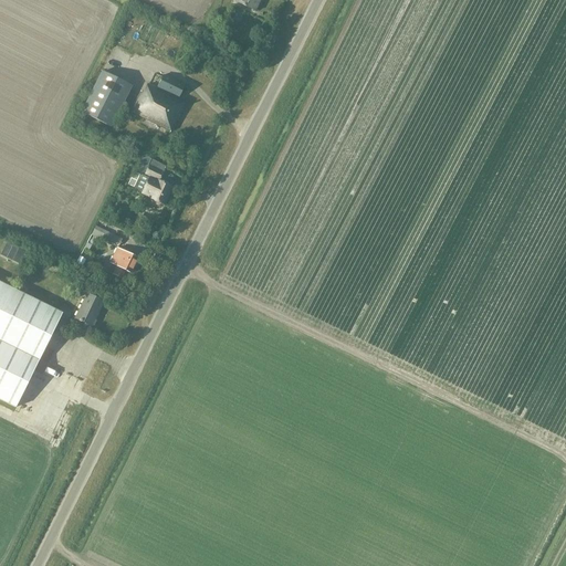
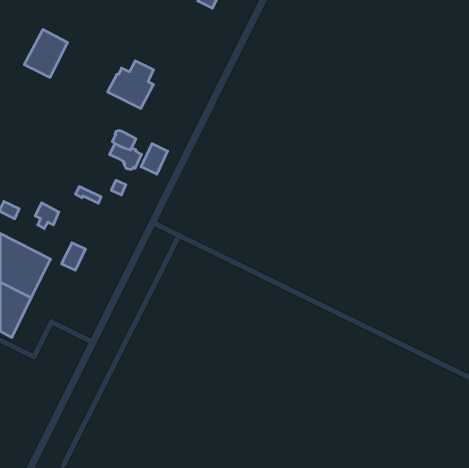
building: [81,69,133,126] -> [24,30,68,77]
building: none -> [141,144,168,174]
building: [109,245,138,276] -> [35,203,59,229]

